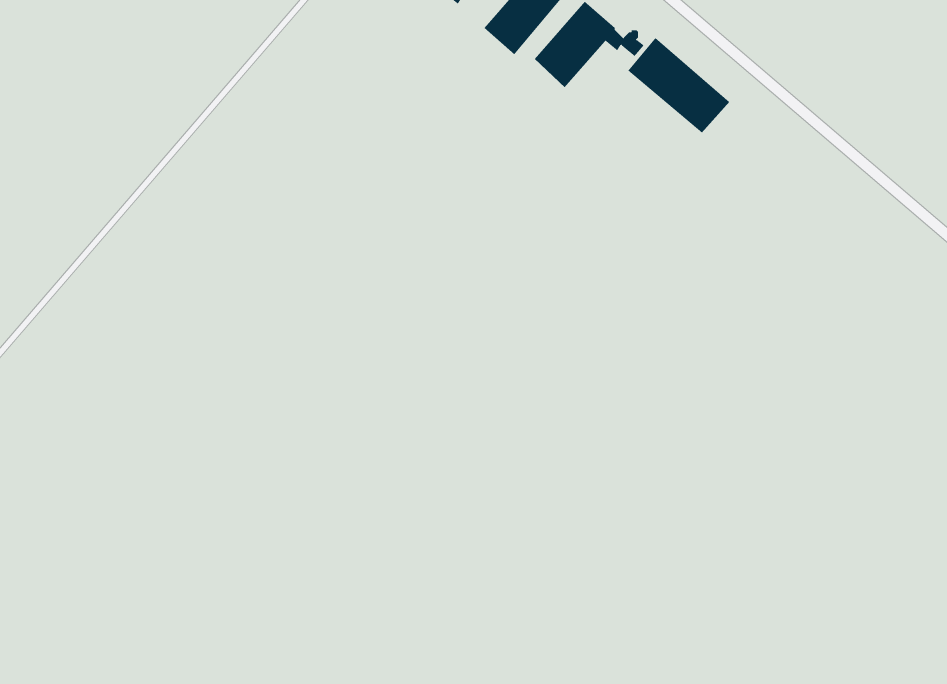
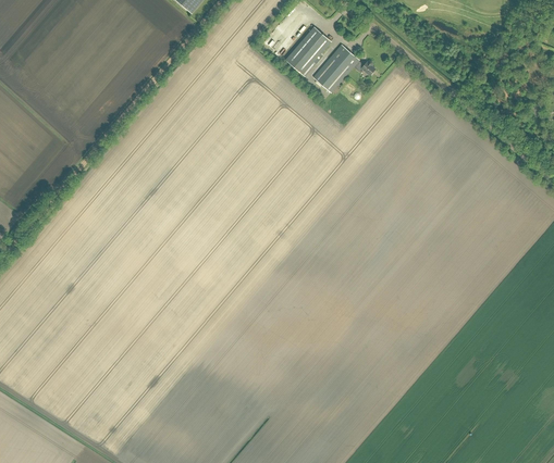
building: [628,37,730,133] -> none

